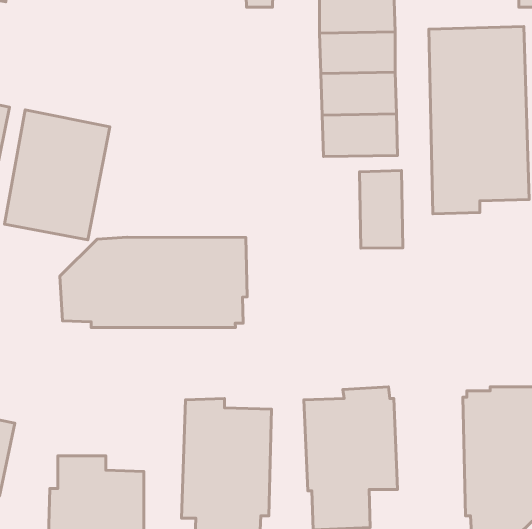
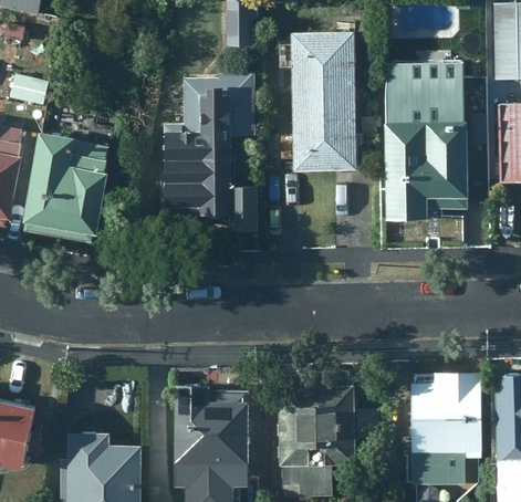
building: none -> [164,73,260,233]
building: [360,170,403,248] -> none
building: [60,237,247,328] -> none

